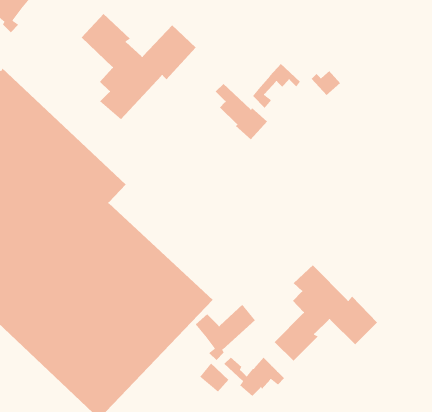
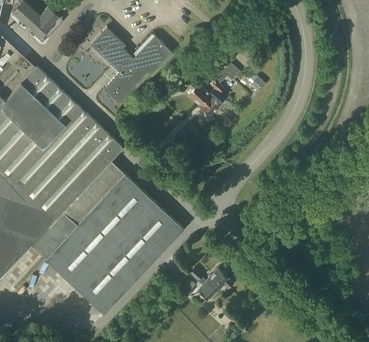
building: none -> [73,47,105,81]
building: [274,265,378,362] -> none
building: [195,304,256,361] -> none

